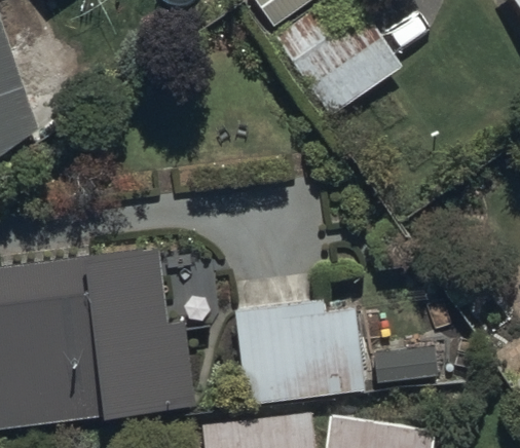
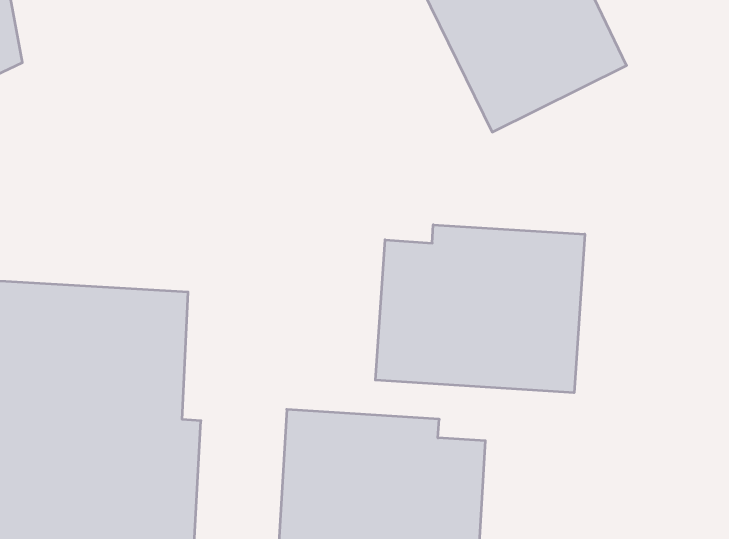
building: none -> [375,225,585,393]

